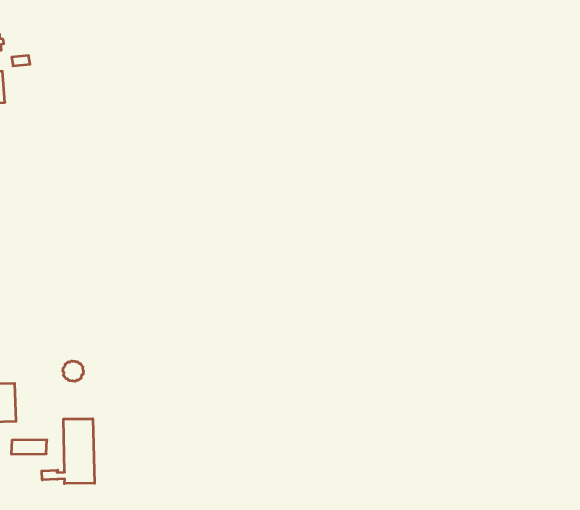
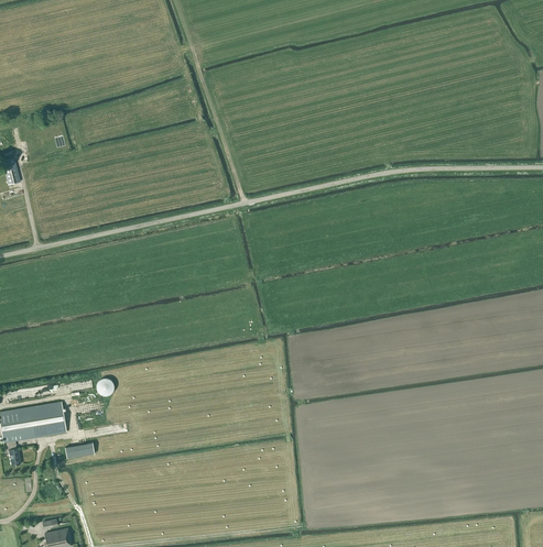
building: [42,419,95,484] -> none

